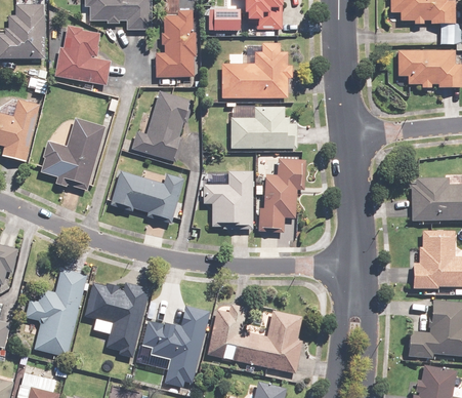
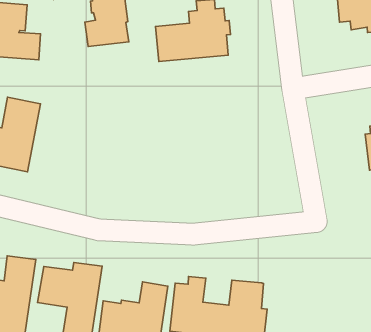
building: [131,90,195,162] -> none
building: [232,108,297,148] -> none
building: [258,157,306,232] -> none
building: [111,170,185,223] -> none
building: [204,171,253,229] -> none

